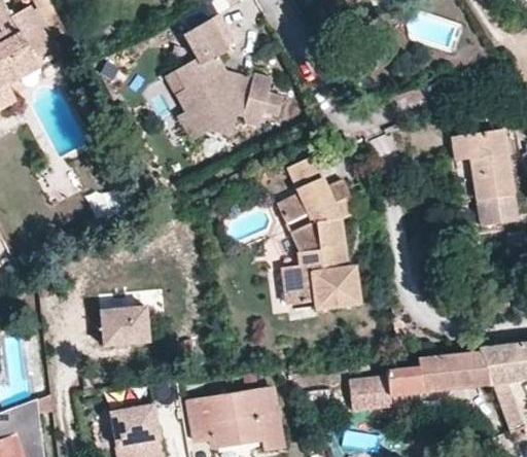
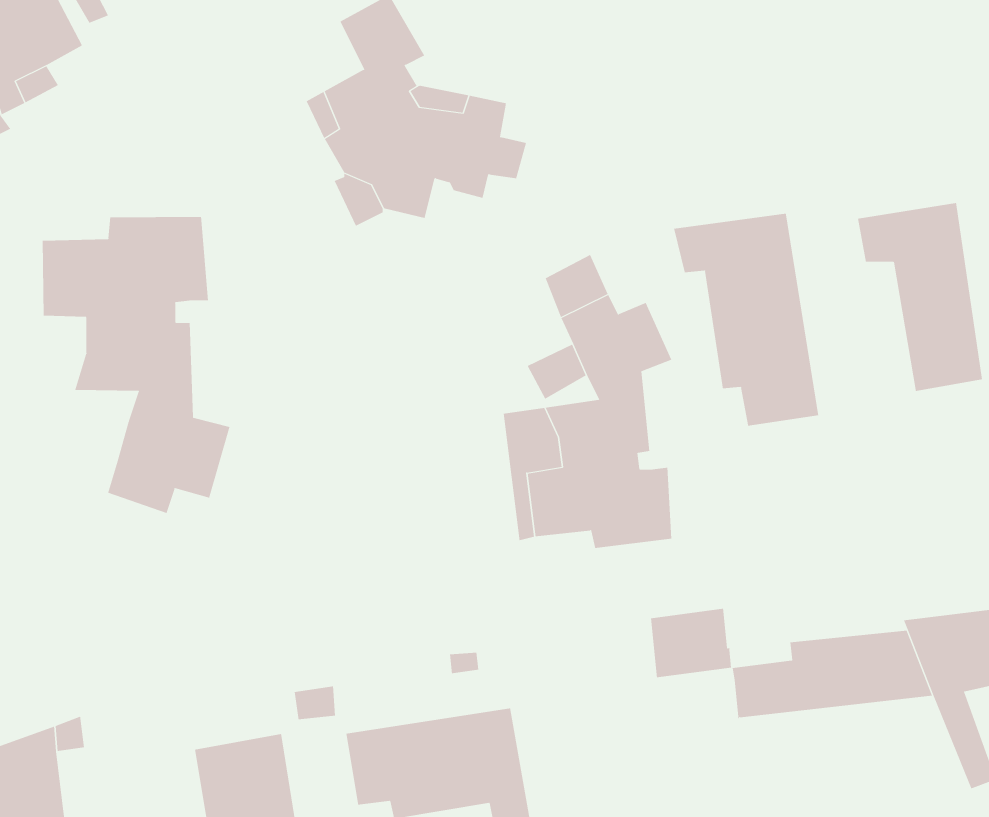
building: none -> [673,213,819,426]
building: none -> [42,216,230,514]
building: [98,305,148,346] -> none
building: [350,376,392,412] -> [650,608,732,678]

